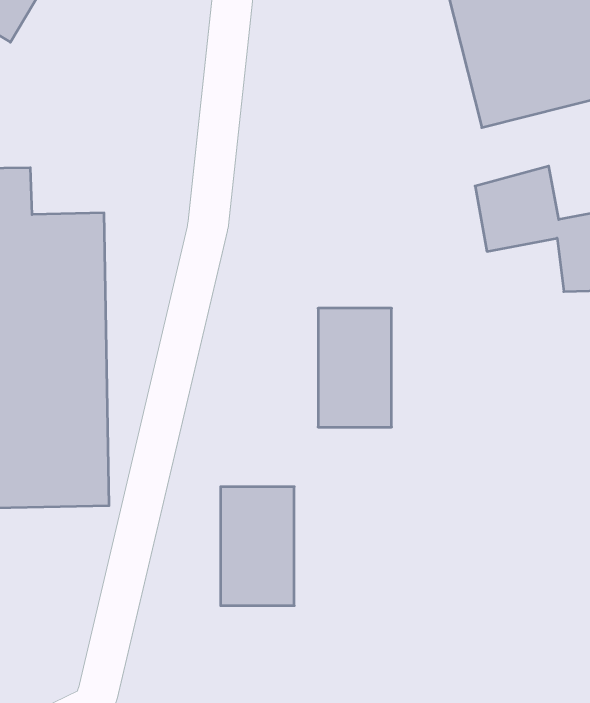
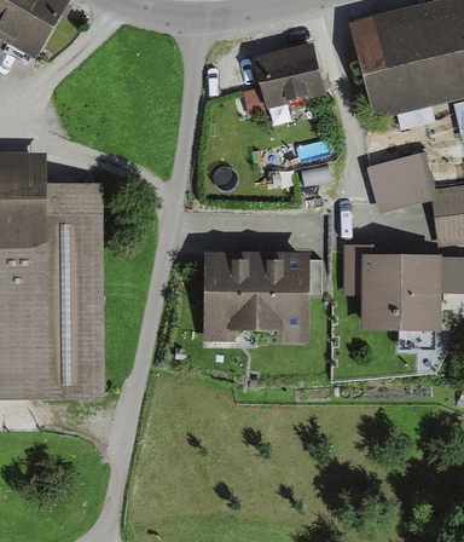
building: none -> [251,40,326,109]
building: none -> [343,243,442,330]
building: [221,487,294,606] -> [203,253,256,339]

